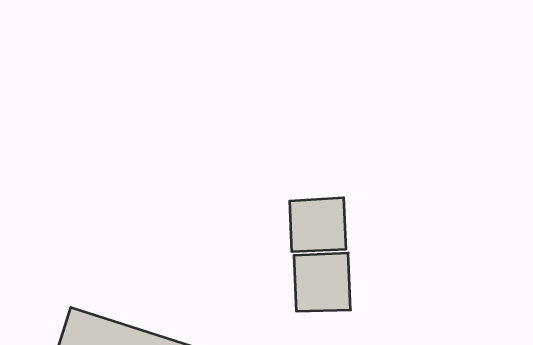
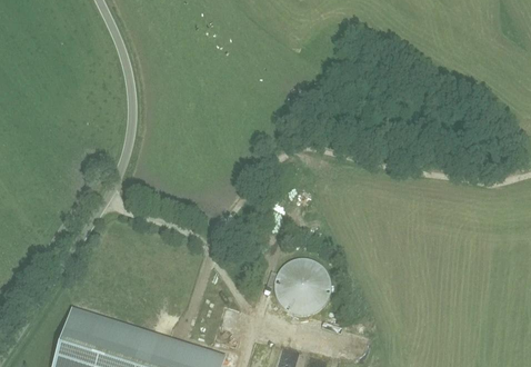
building: [290,198,346,252] -> none

